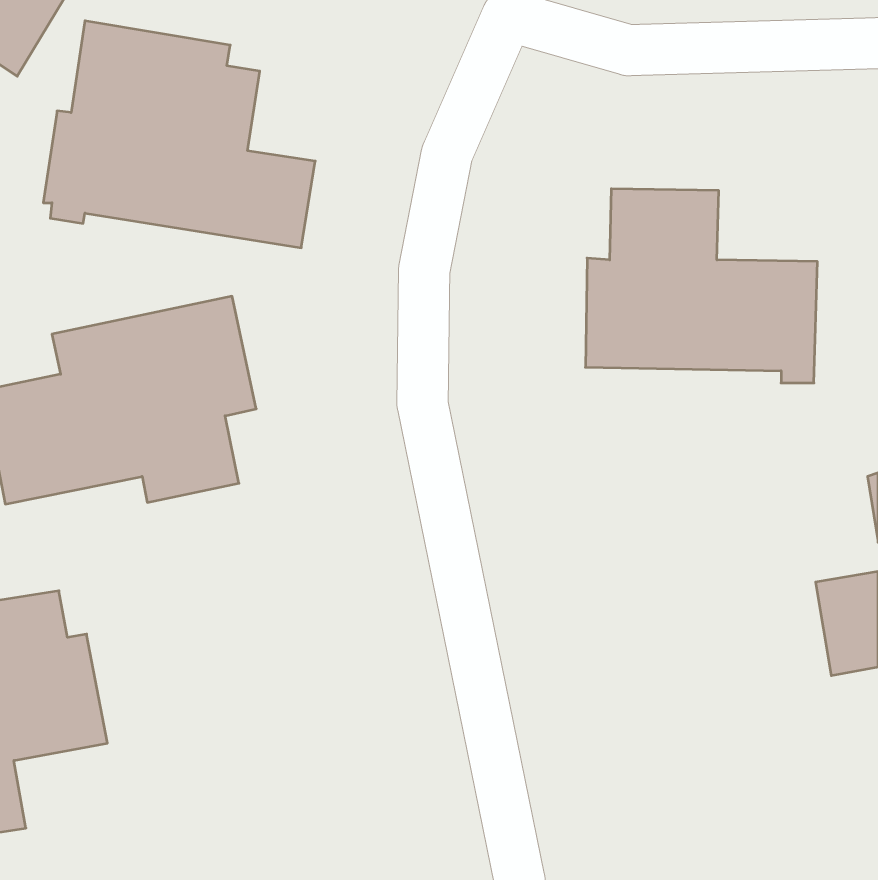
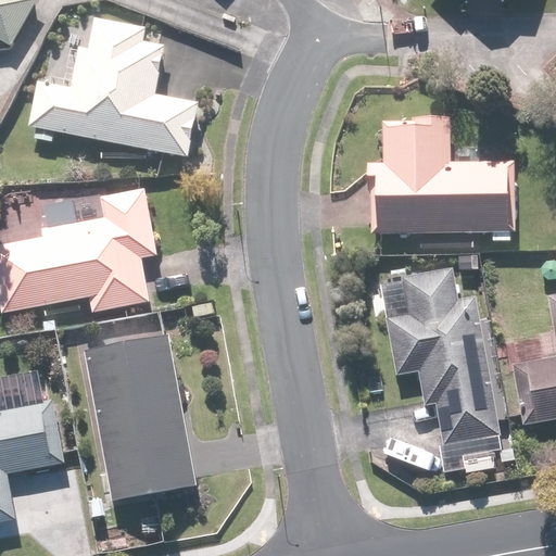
building: none -> [365,265,498,473]
building: none -> [79,331,201,505]

